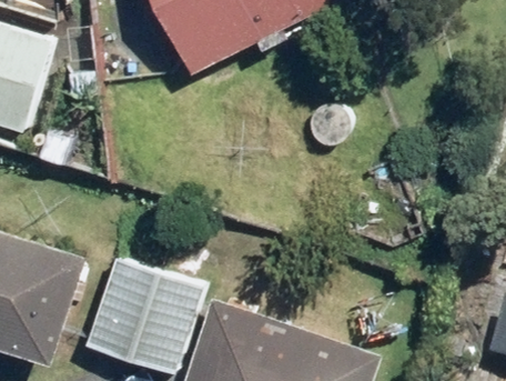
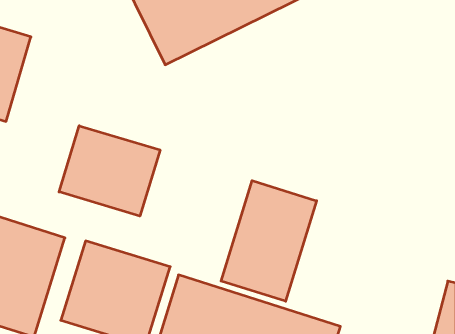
building: none -> [59,126,160,216]
building: none -> [221,181,317,301]

